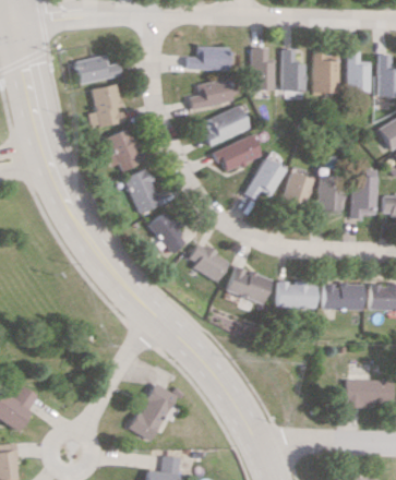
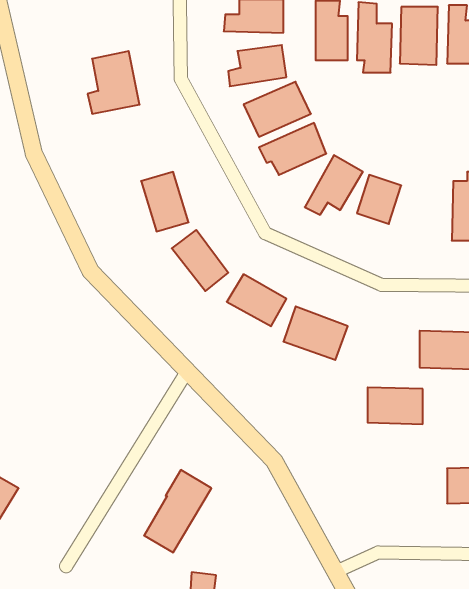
building: [77,56,122,84] -> none
building: [103,130,144,171] -> none
building: [317,177,343,213] -> none
building: [280,283,320,309] -> [368,387,423,424]

